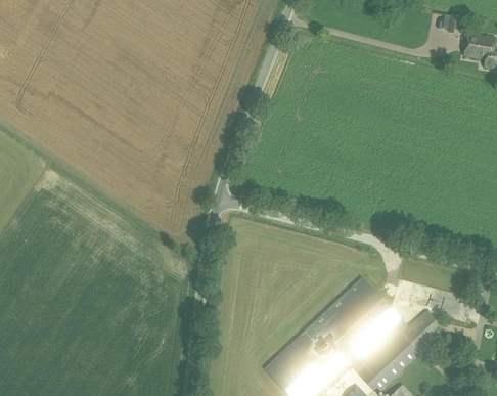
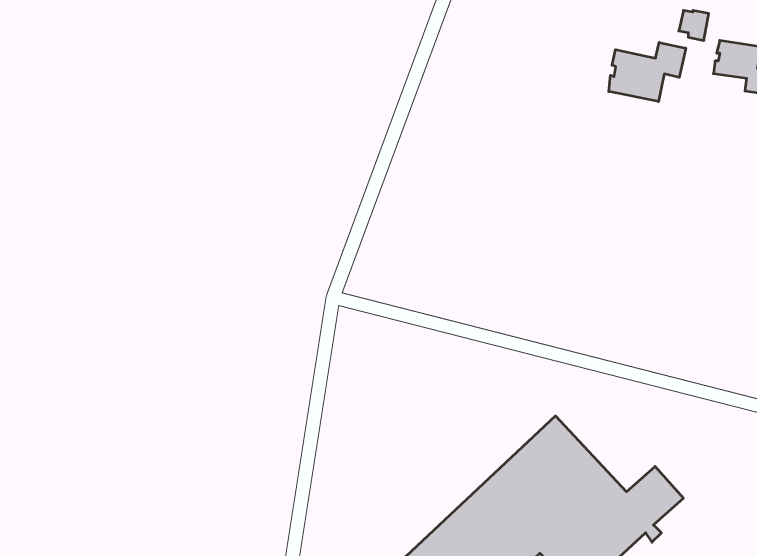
building: none -> [609,42,686,102]

